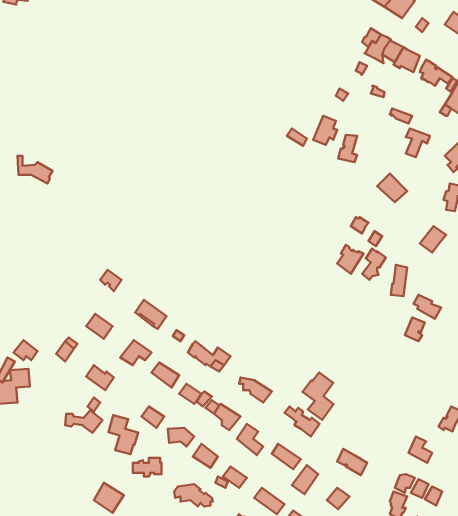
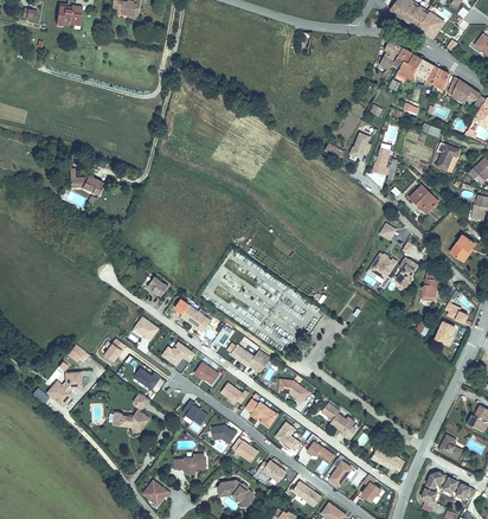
building: [303,373,334,420] -> none
building: [108,415,138,454] -> none

